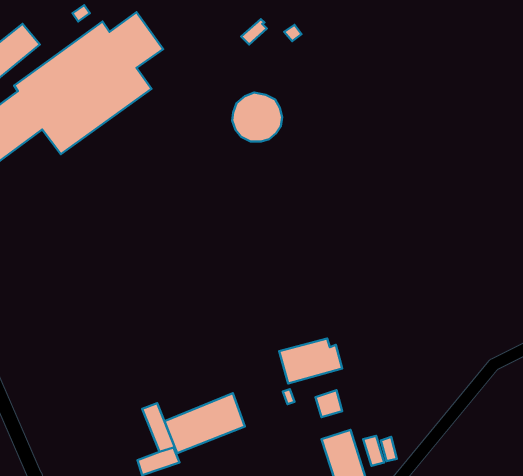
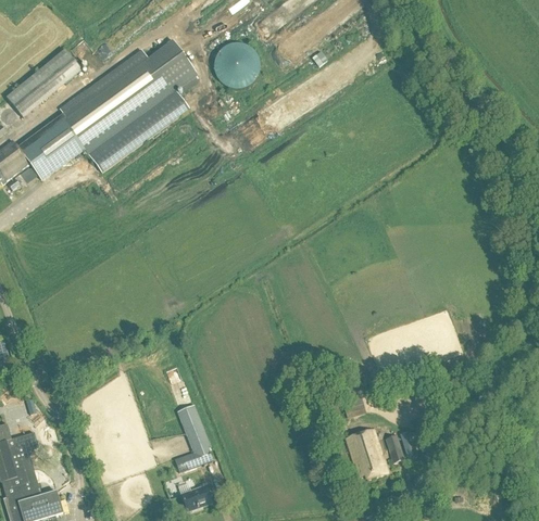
building: [232,93,282,141] -> [212,41,259,87]
building: [279,338,342,384] -> none
building: [165,393,245,453] -> none

